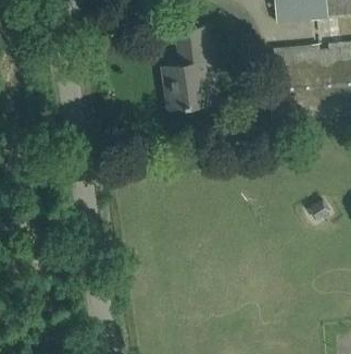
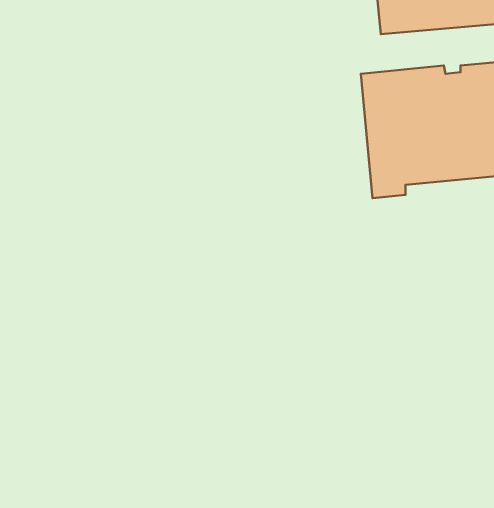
building: [162,27,212,107] -> none

